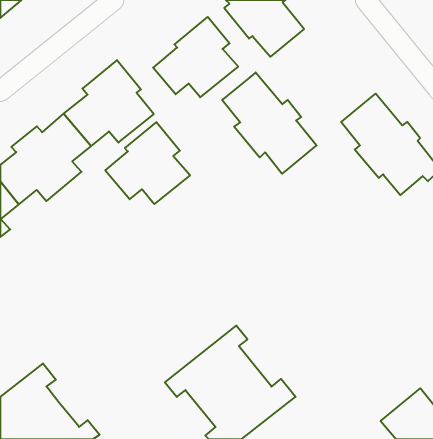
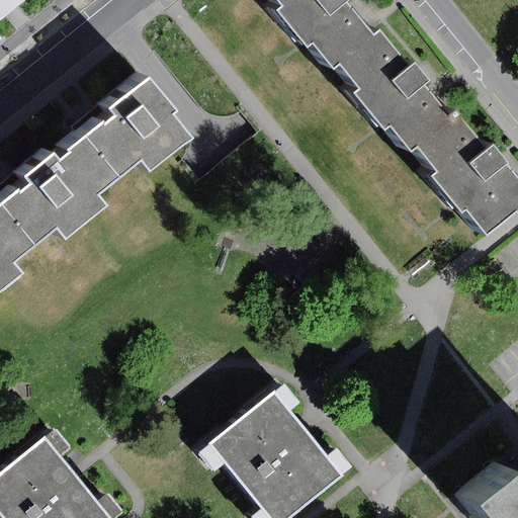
building: [153,17,238,97] -> none
building: [222,72,317,174] -> [332,29,443,149]
building: [105,122,190,204] -> none

